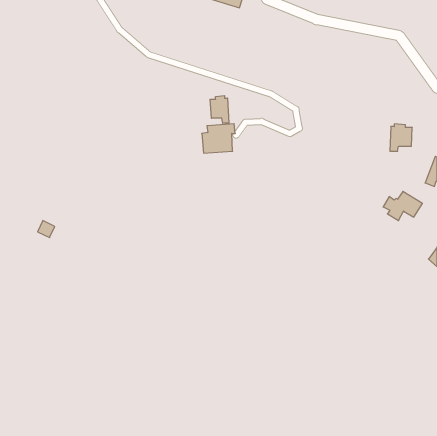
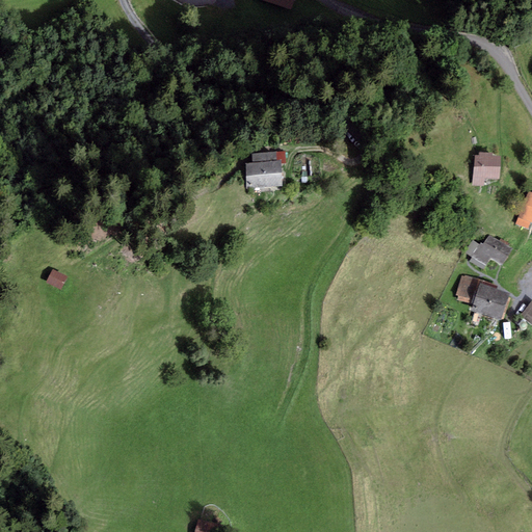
building: [210,96,229,123] -> none
building: none -> [456,274,510,320]

